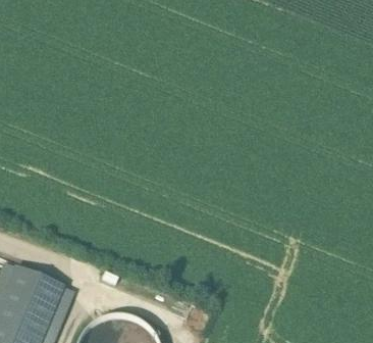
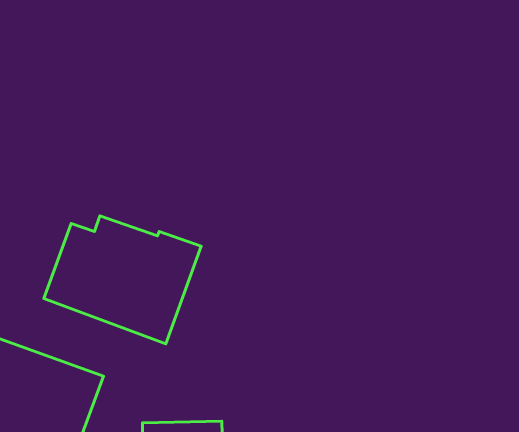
building: none -> [44,216,201,344]

